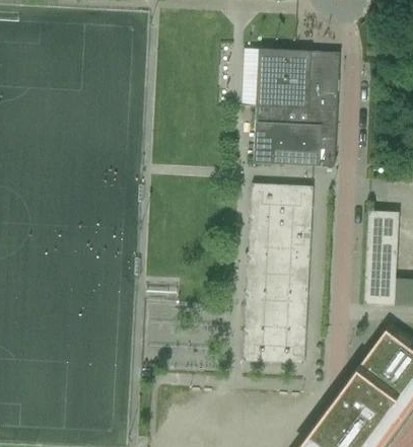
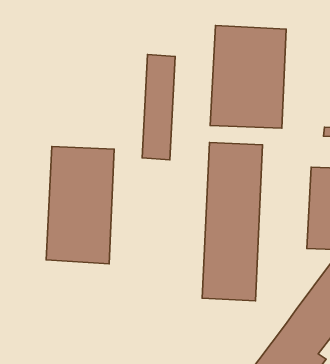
building: none -> [142,54,175,160]
building: none -> [46,146,114,264]

